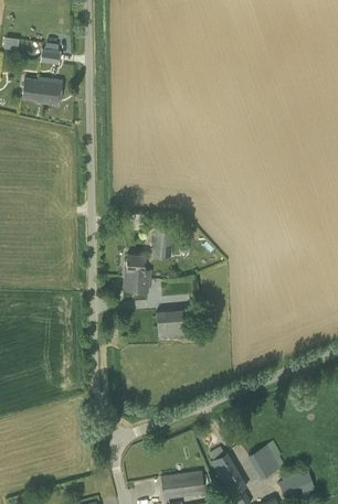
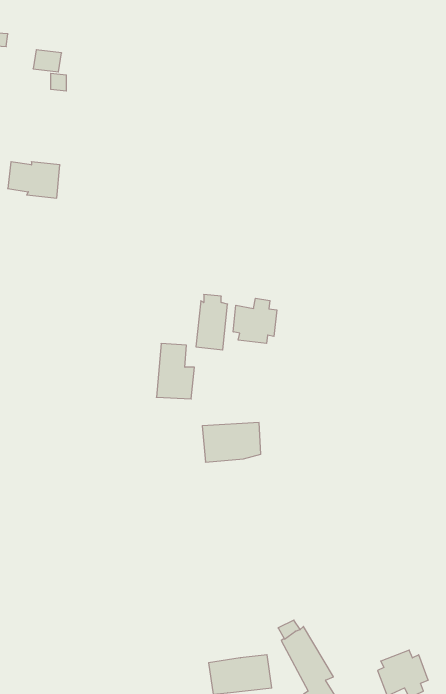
building: [23,78,60,104] -> [8,162,60,198]
building: none -> [233,298,277,343]
building: [249,442,281,479] -> none

